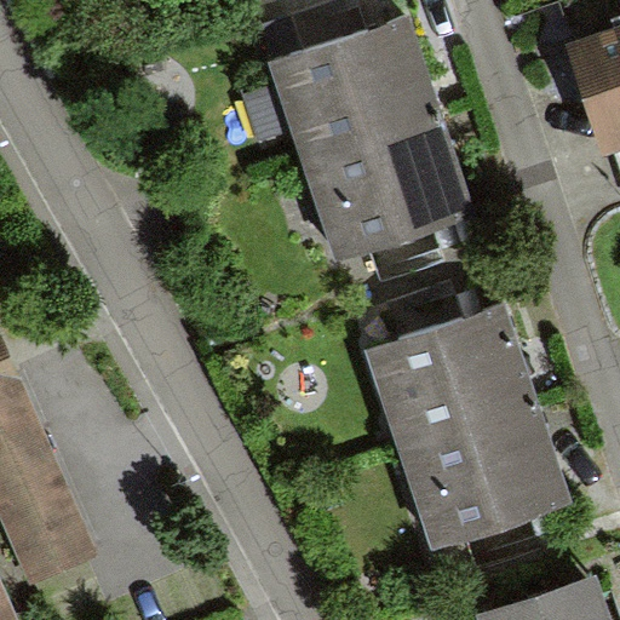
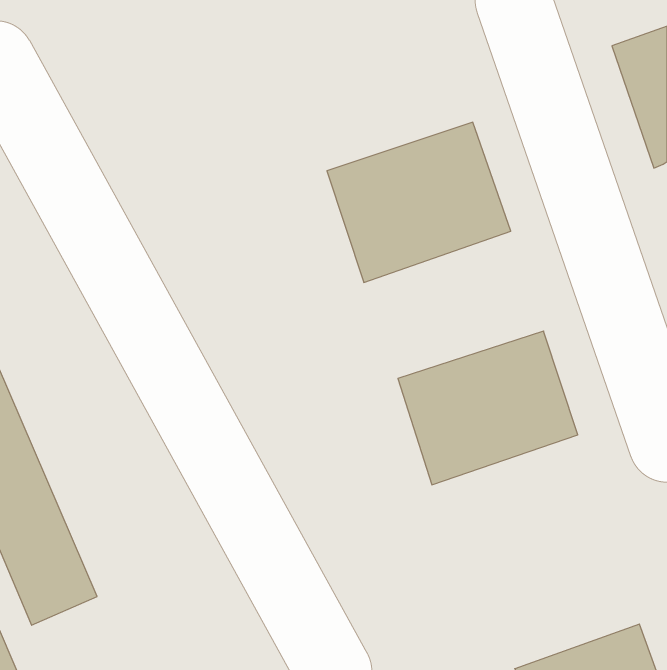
building: [270,18,436,159] -> none
building: [398,402,567,546] -> none

